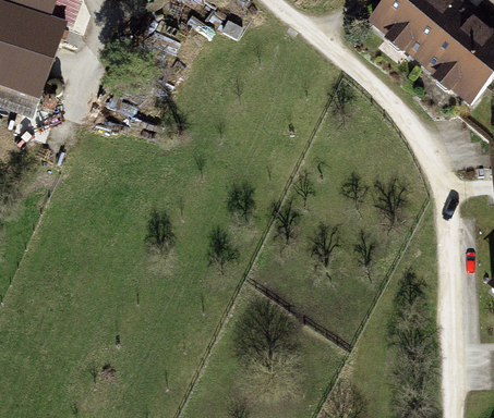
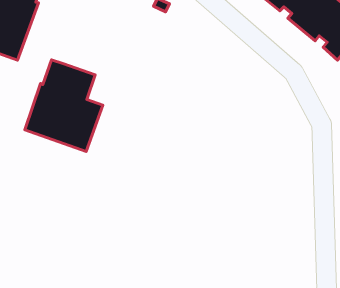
building: none -> [25,60,103,151]

